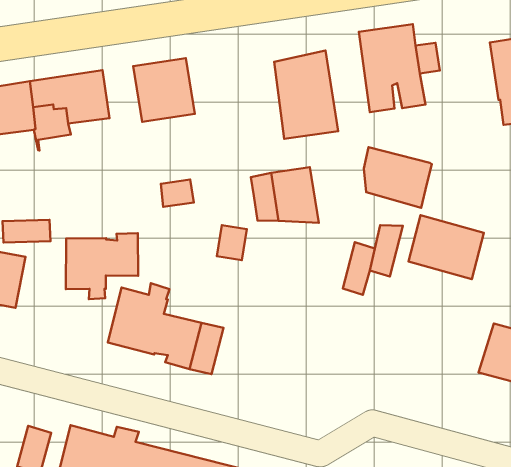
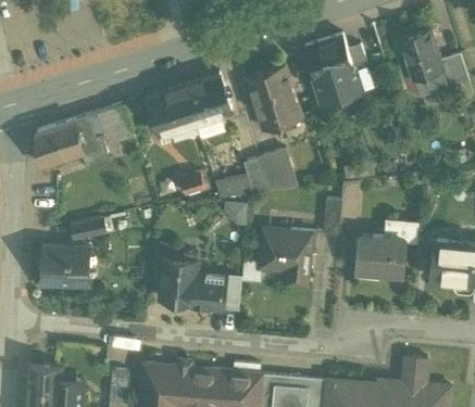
building: none -> [180,73,229,124]
building: [364,147,432,208] -> none
building: none -> [213,176,251,198]
building: [409,215,484,279] -> [353,234,404,275]
building: [66,233,138,299] -> none
building: none -> [258,228,309,285]

